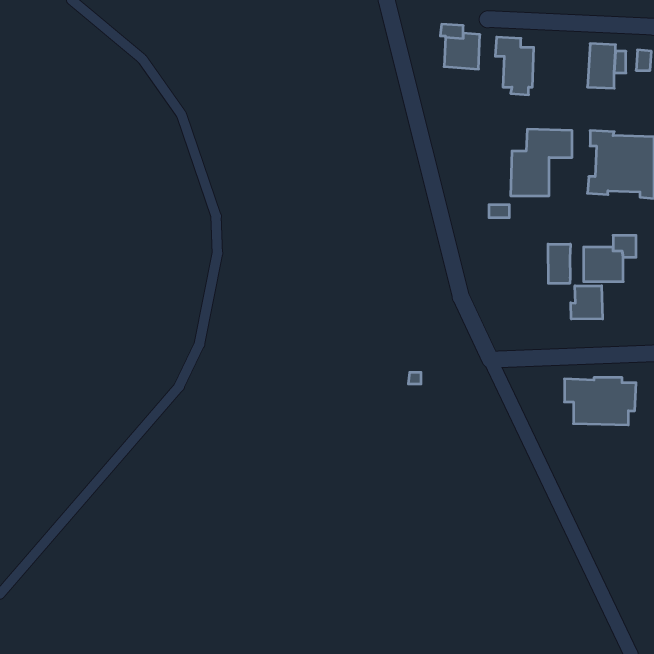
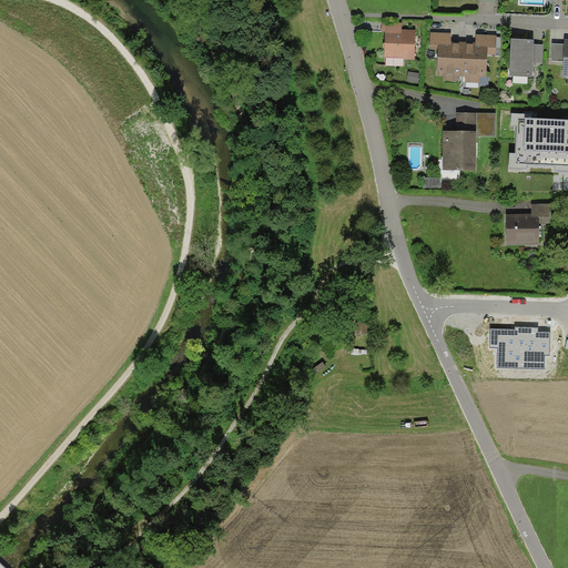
building: none -> [462,34,497,82]
building: [548,244,570,283] -> none
building: [571,286,603,319] -> none

